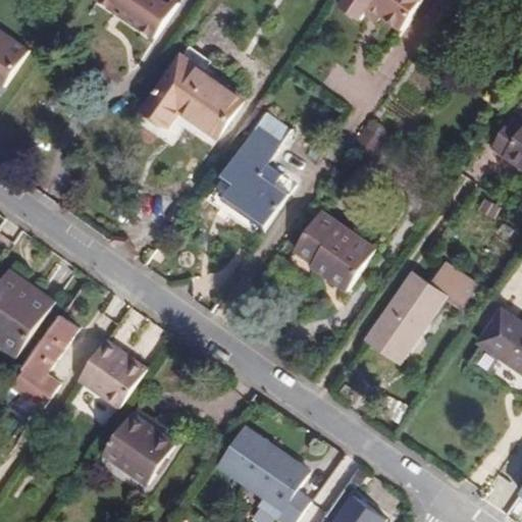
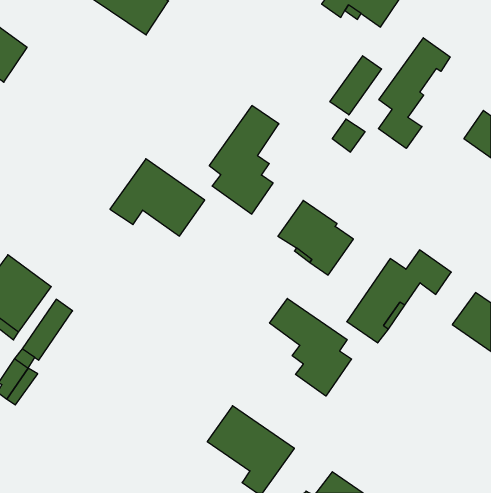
building: none -> [378,38,450,148]
building: [142,55,242,137] -> [110,159,205,236]
building: none -> [330,56,382,115]
building: none -> [270,298,352,396]
building: [76,342,147,408] -> none
building: [102,413,174,483] -> none

